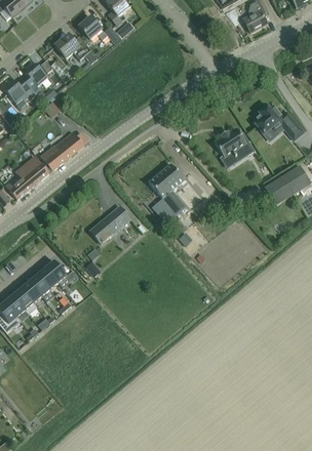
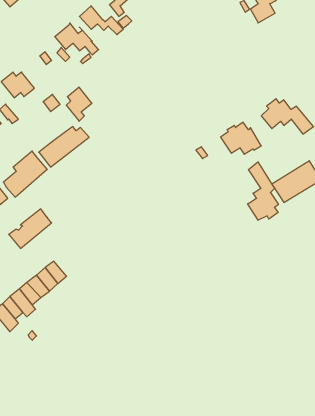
building: [24,61,48,94] -> [66,87,92,121]
building: [149,163,186,213] -> none
building: none -> [248,162,278,220]
building: [89,205,130,243] -> [9,209,52,248]

